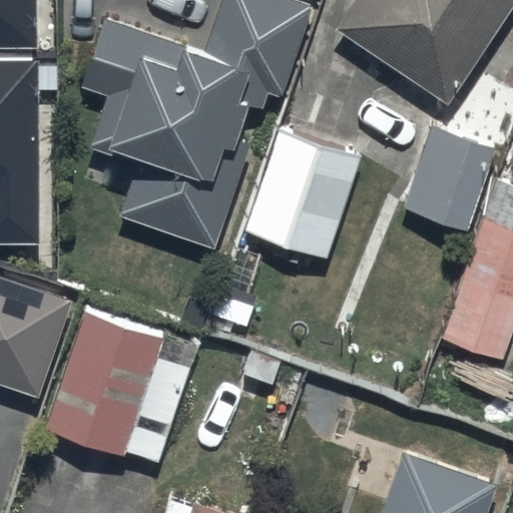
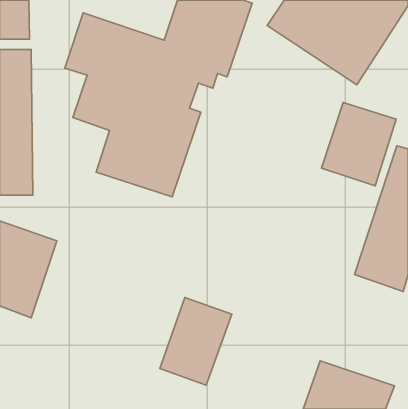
building: [244,130,361,261] -> none
building: [39,301,198,460] -> none
building: none -> [160,297,232,385]

